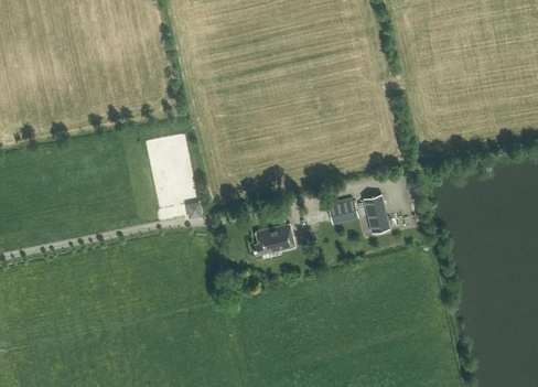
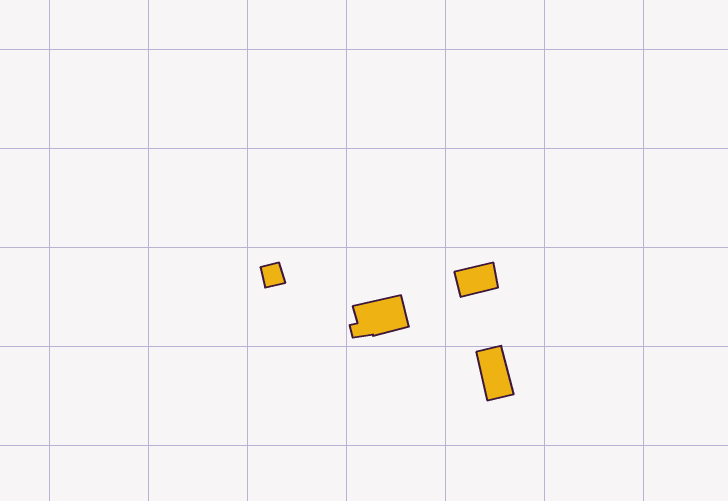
building: [363,194,389,233] -> [476,346,514,400]

